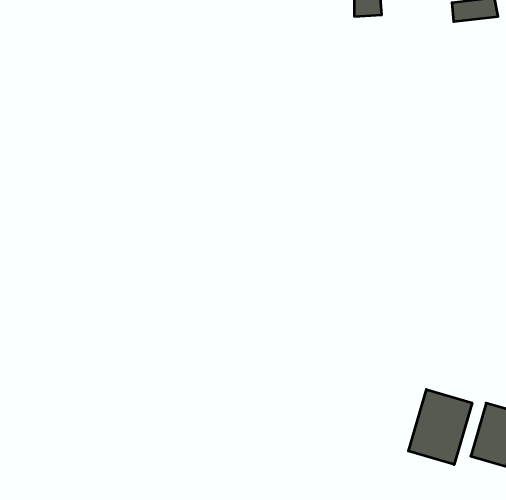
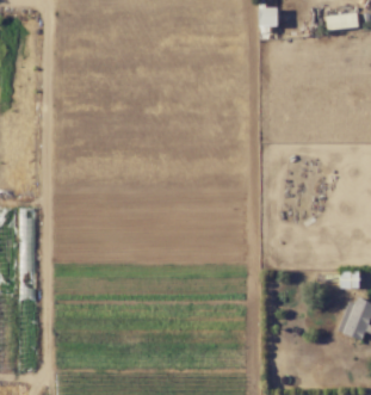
building: [408,389,472,465] -> none

